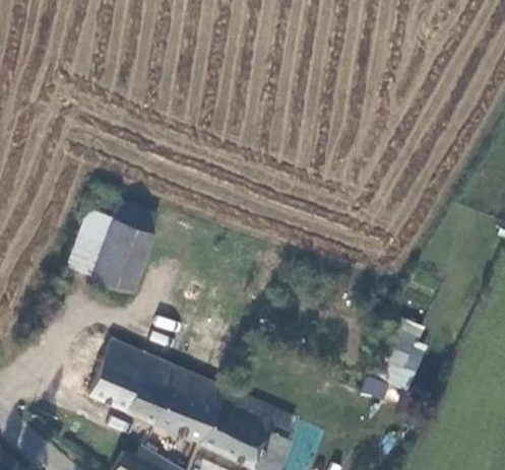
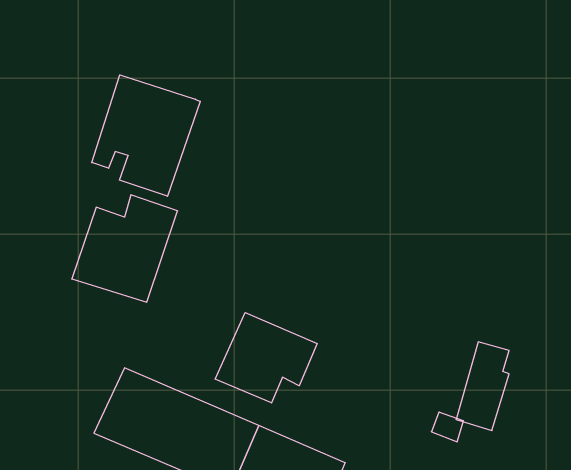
building: none -> [92,75,200,196]
building: none -> [215,313,317,403]

